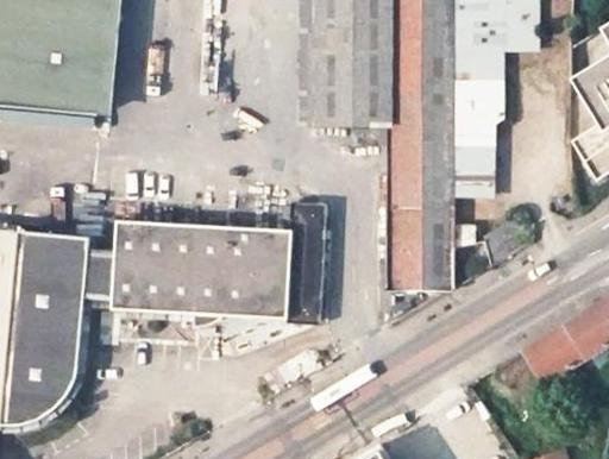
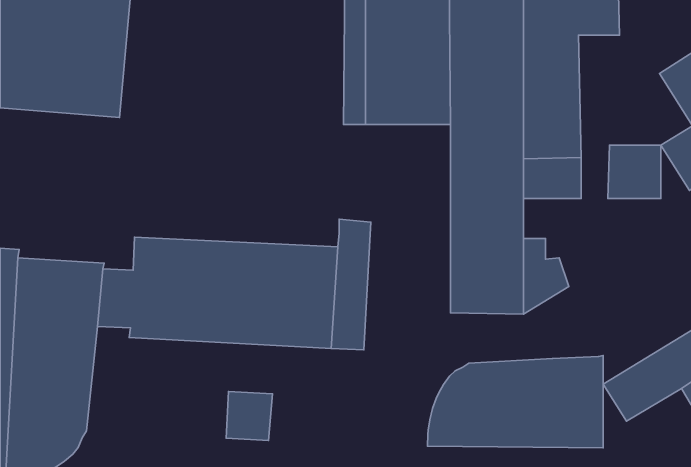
building: none -> [608,145,661,198]
building: none -> [427,356,603,448]
building: none -> [226,391,272,441]

